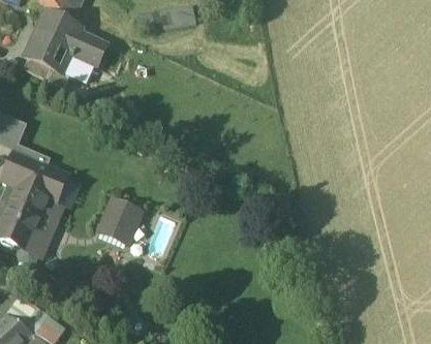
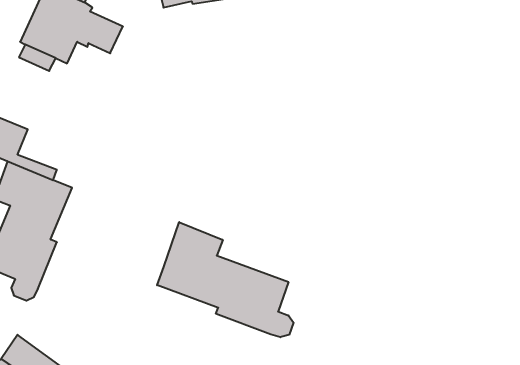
building: [101,200,140,238] -> none
building: none -> [157,222,294,337]

